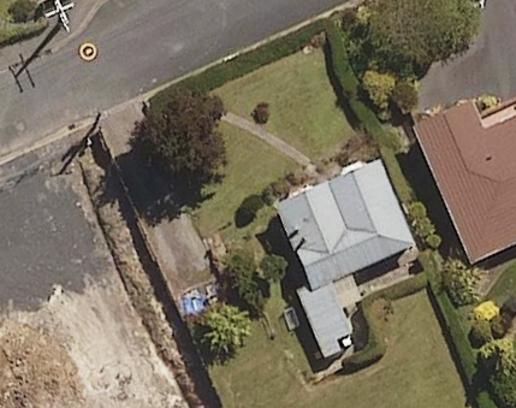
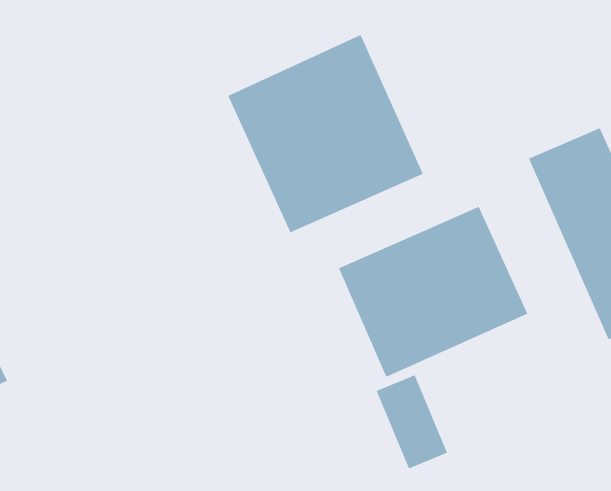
building: none -> [227,34,424,233]

